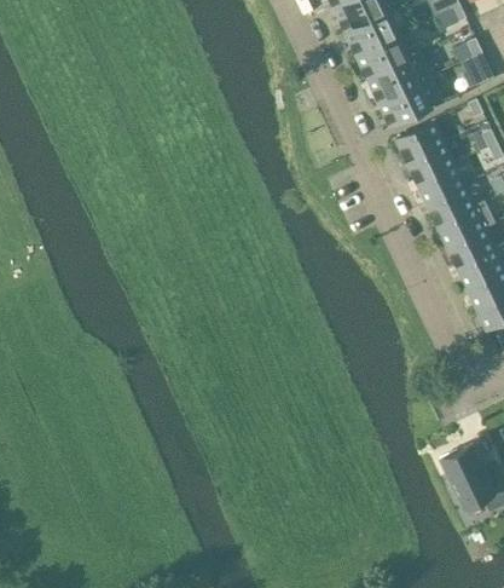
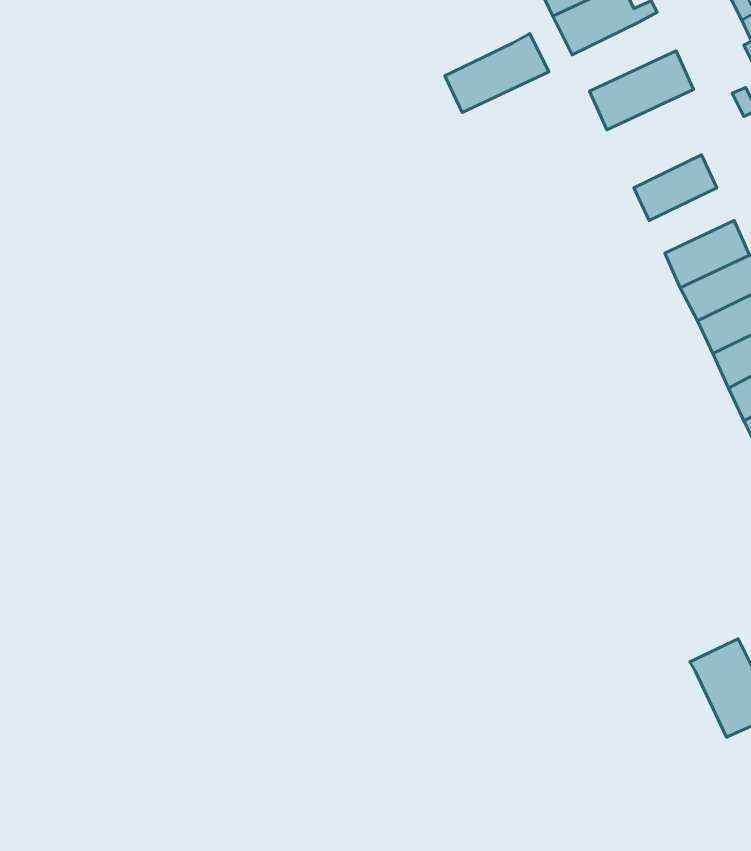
building: [366,52,431,102] -> [445,33,549,112]
building: [394,120,447,162] -> none
building: [415,162,468,203] -> none

